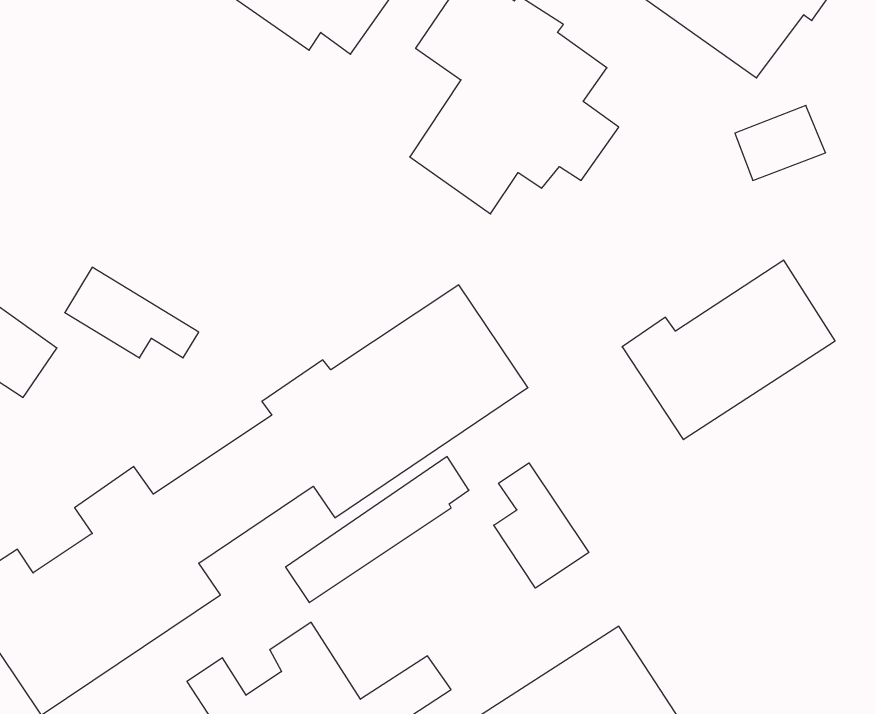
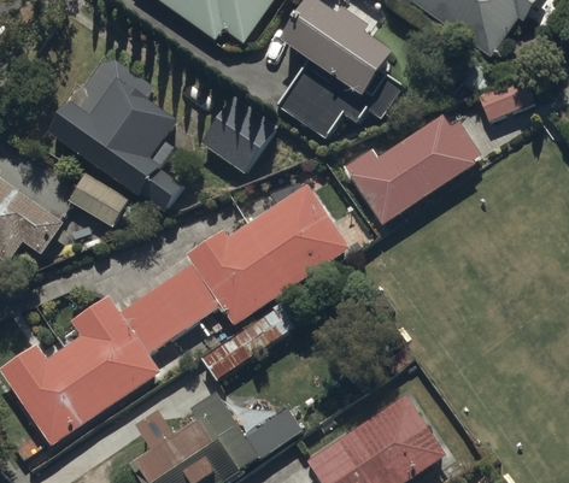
building: none -> [48,61,198,212]
building: none -> [186,86,277,160]
building: [622,260,835,440] -> [341,111,471,220]
building: [494,463,589,588] -> none

